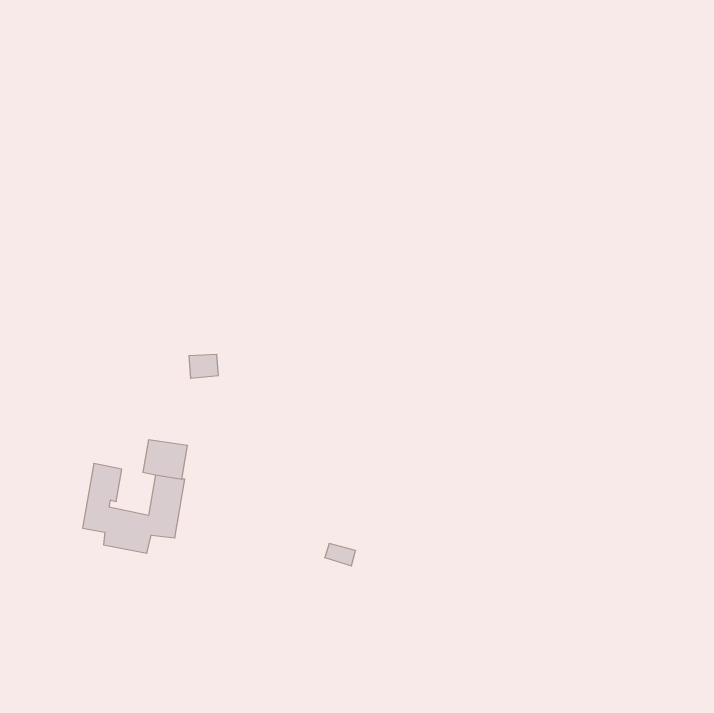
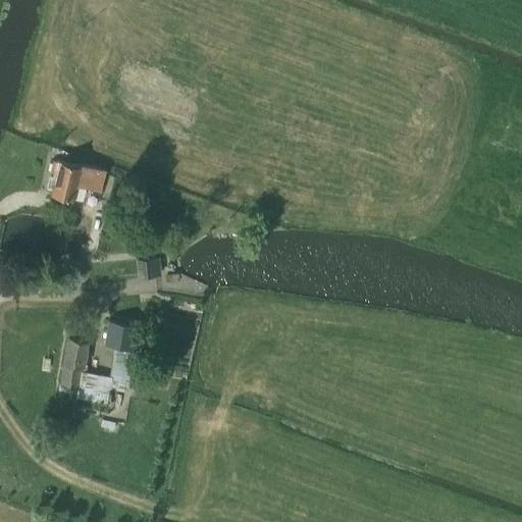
building: none -> [51,161,106,201]

